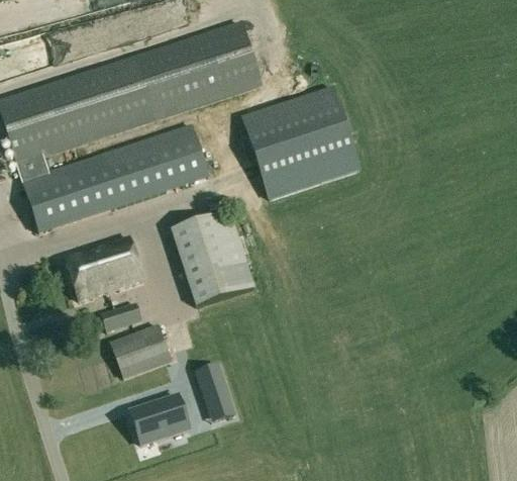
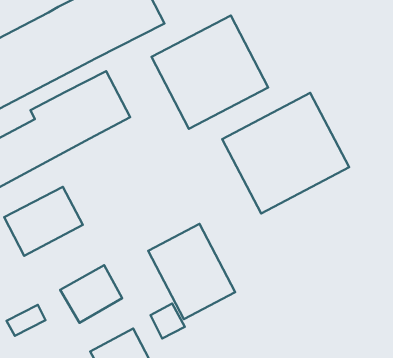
building: none -> [222,93,349,214]
building: [172,210,254,306] -> [148,224,235,319]
building: [102,303,142,331] -> [6,305,45,336]

